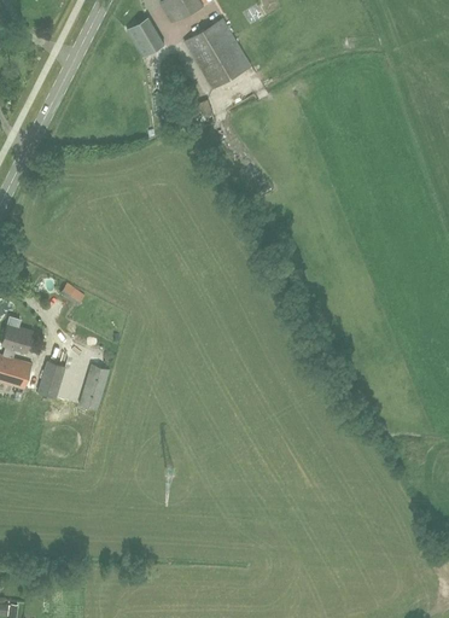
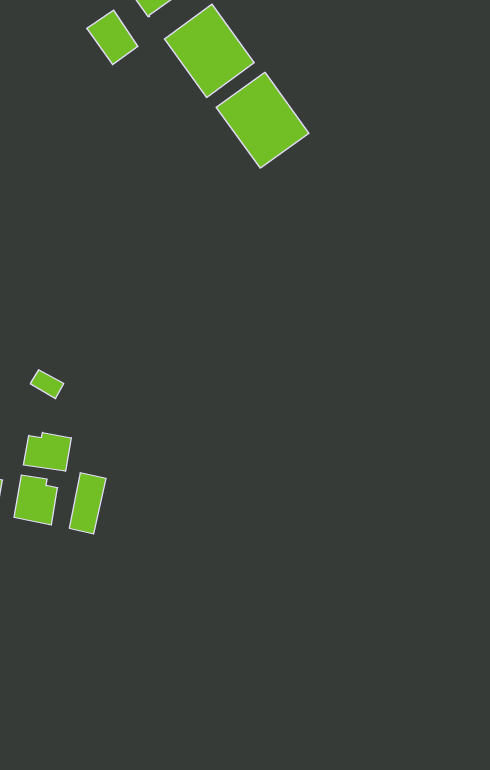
building: none -> [216,72,309,168]
building: none -> [24,432,71,471]

